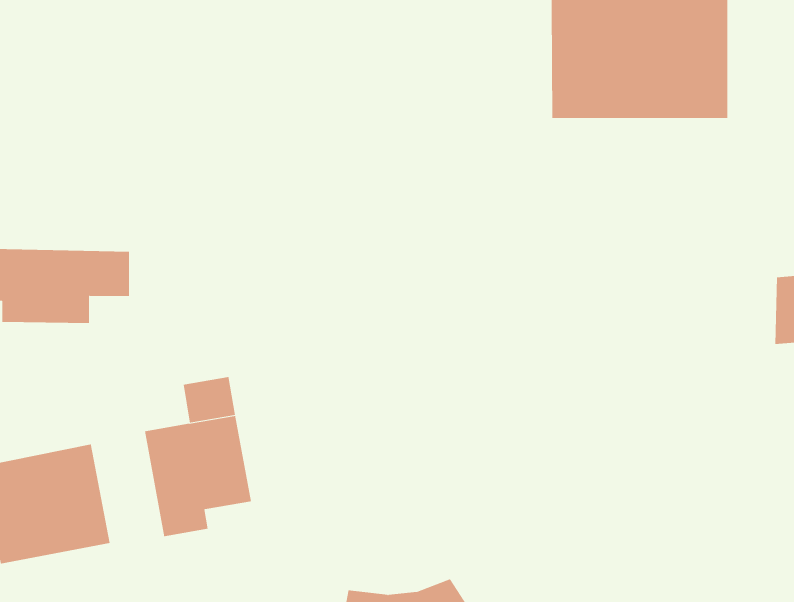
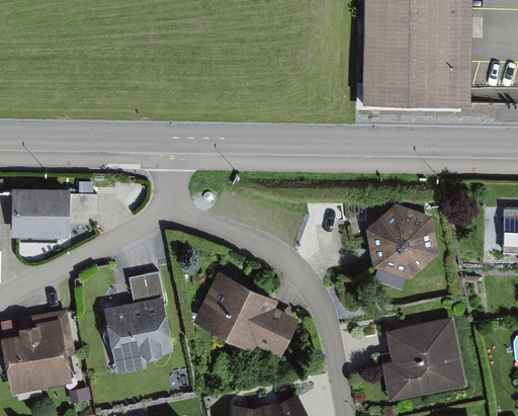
building: none -> [364,202,437,278]
building: none -> [193,272,296,356]
building: none -> [383,320,465,403]

